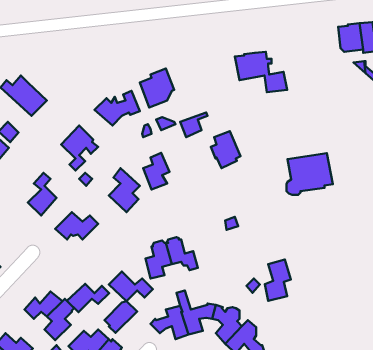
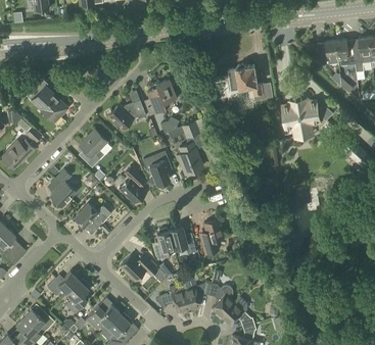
building: [211,131,240,168] -> [176,143,201,175]
building: [286,153,333,195] -> [281,101,321,137]
building: [265,259,291,301] -> [200,220,223,256]
building: [67,284,109,312] -> none
building: [104,301,137,333] -> none

